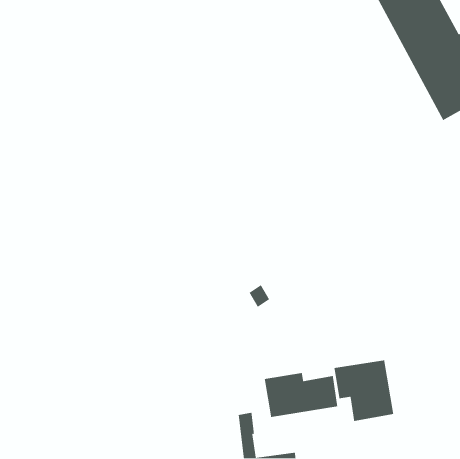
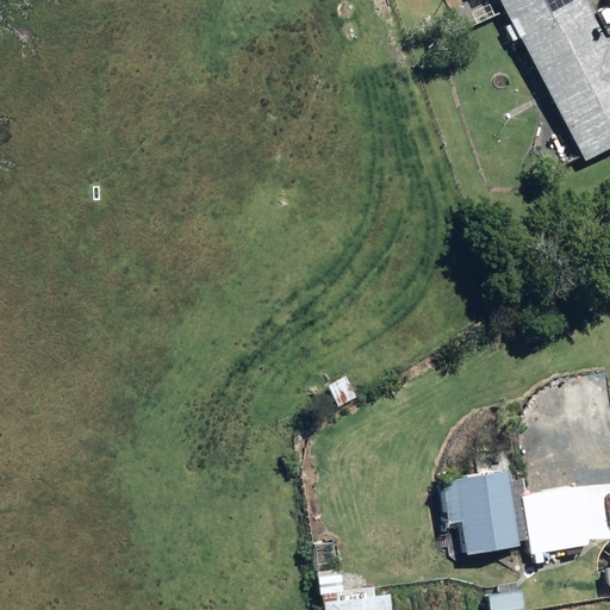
building: none -> [524,490,590,552]
building: [264,372,338,418] -> none

